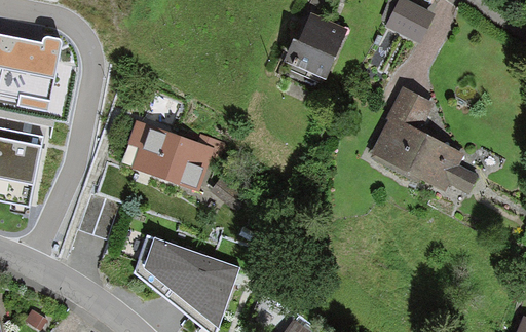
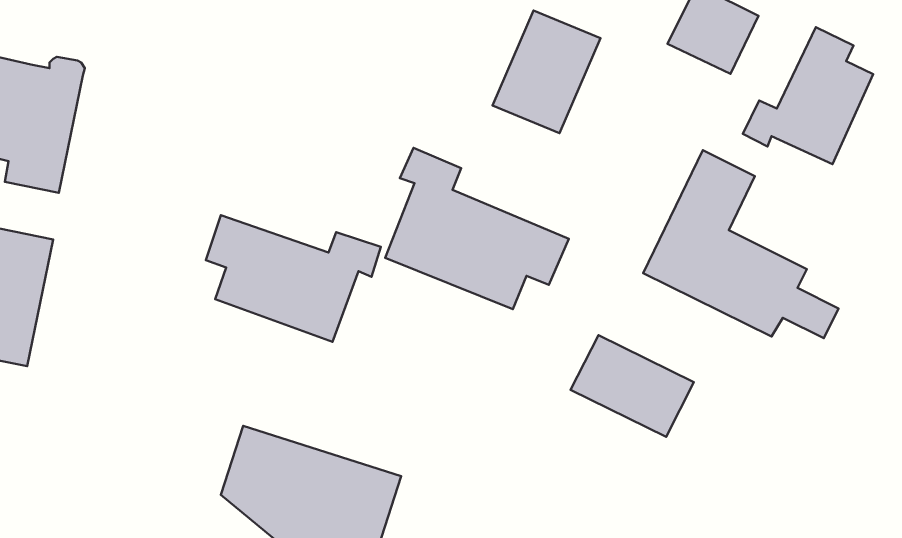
building: none -> [743,27,873,164]
building: none -> [385,148,569,309]
building: none -> [571,335,694,437]

